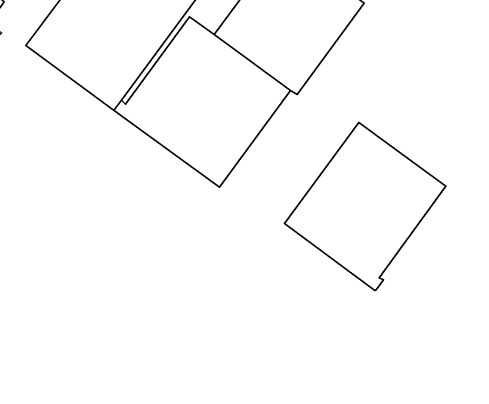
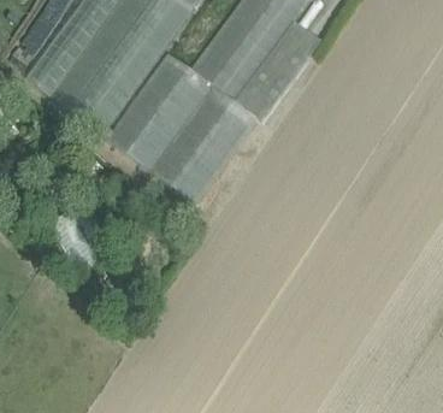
building: [285,122,446,290] -> none

